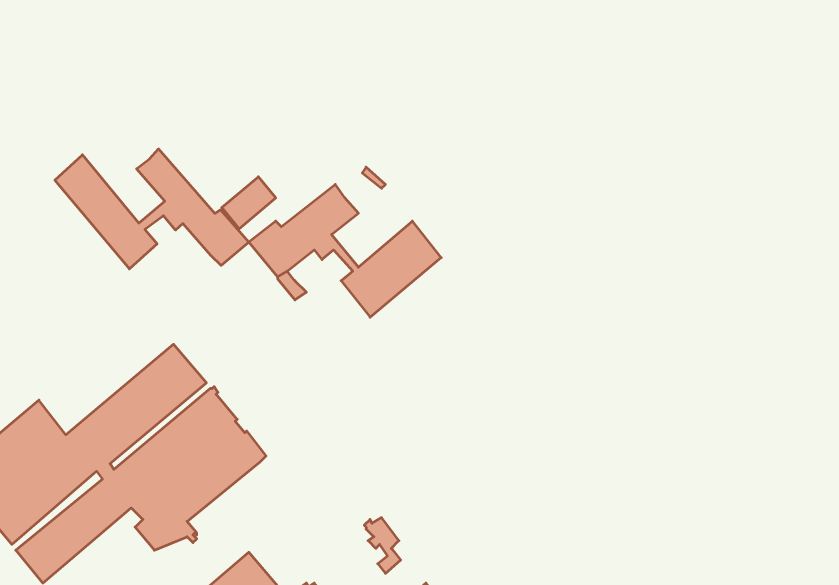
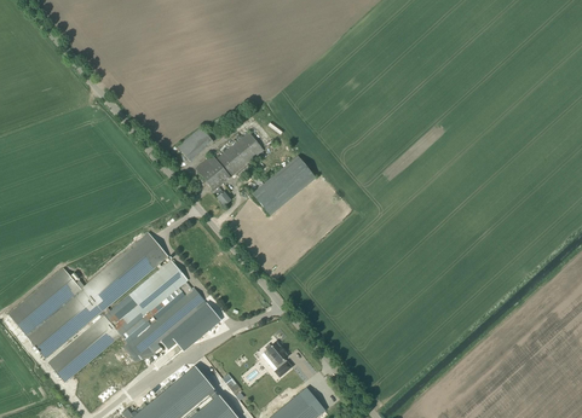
building: [55,149,249,269] -> none
building: none -> [159,303,220,352]

